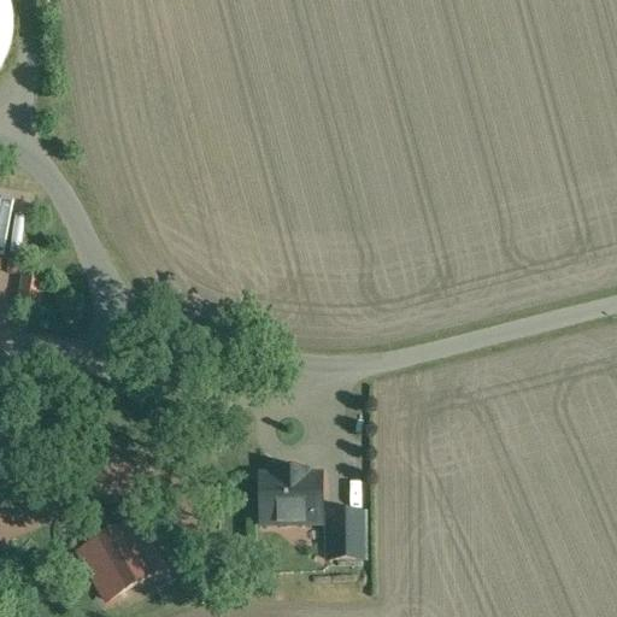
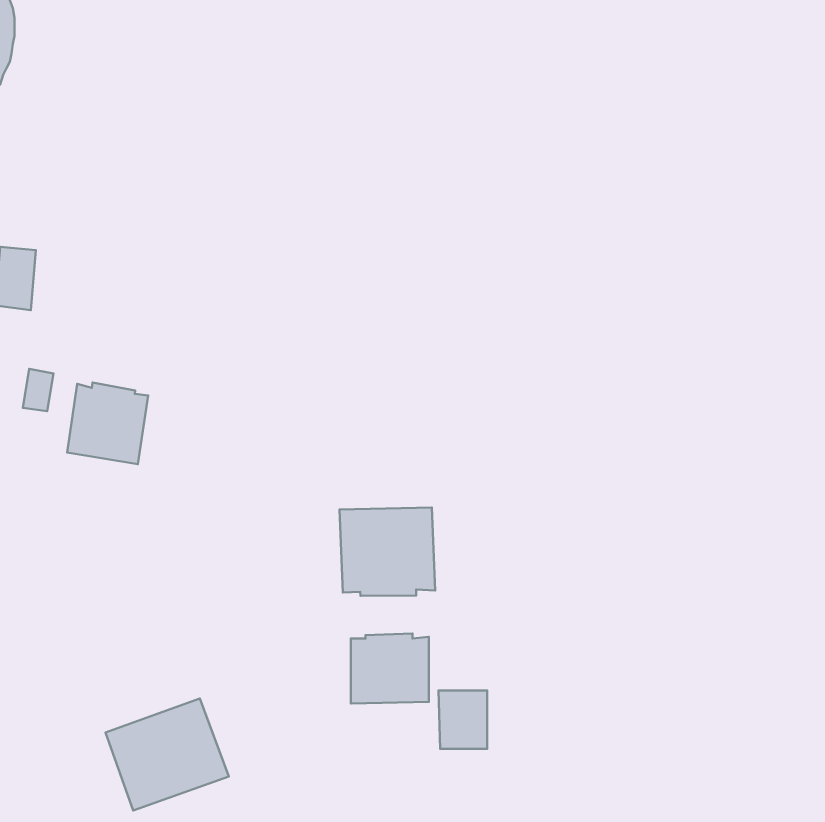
building: none -> [67,383,148,464]
building: none -> [340,508,435,596]

